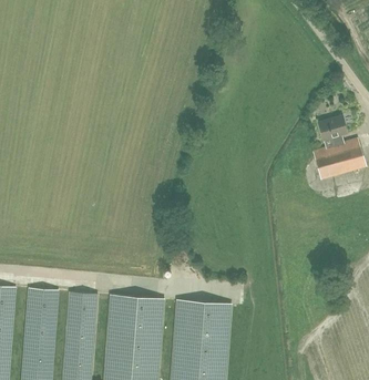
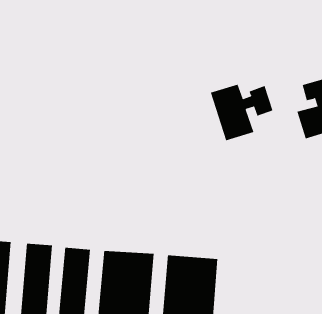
building: none -> [210,84,273,141]

